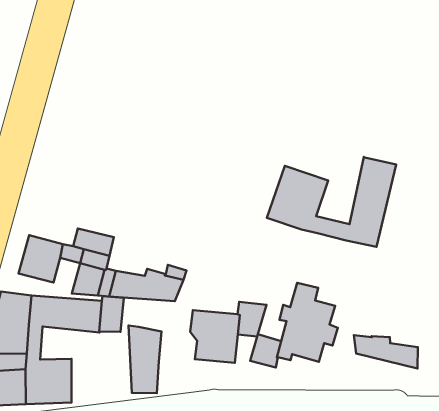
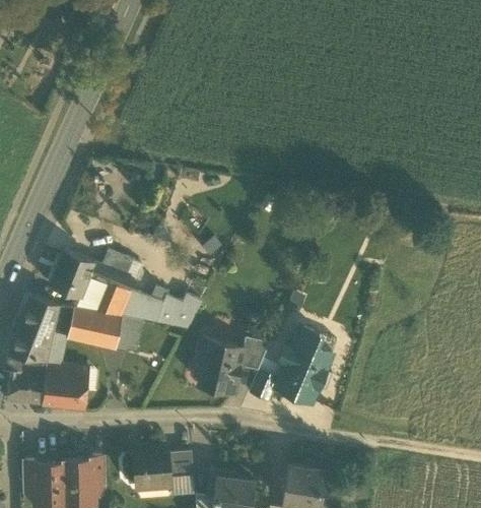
building: [267,157,396,247] -> none
building: [128,326,161,393] -> none
building: [354,335,418,368] -> none

